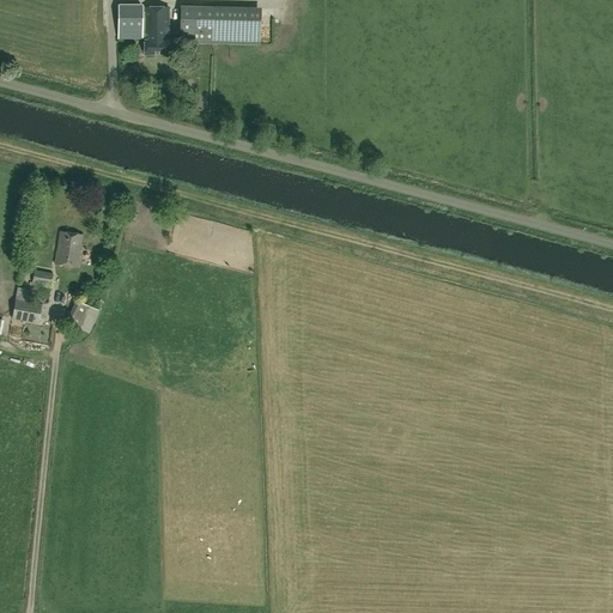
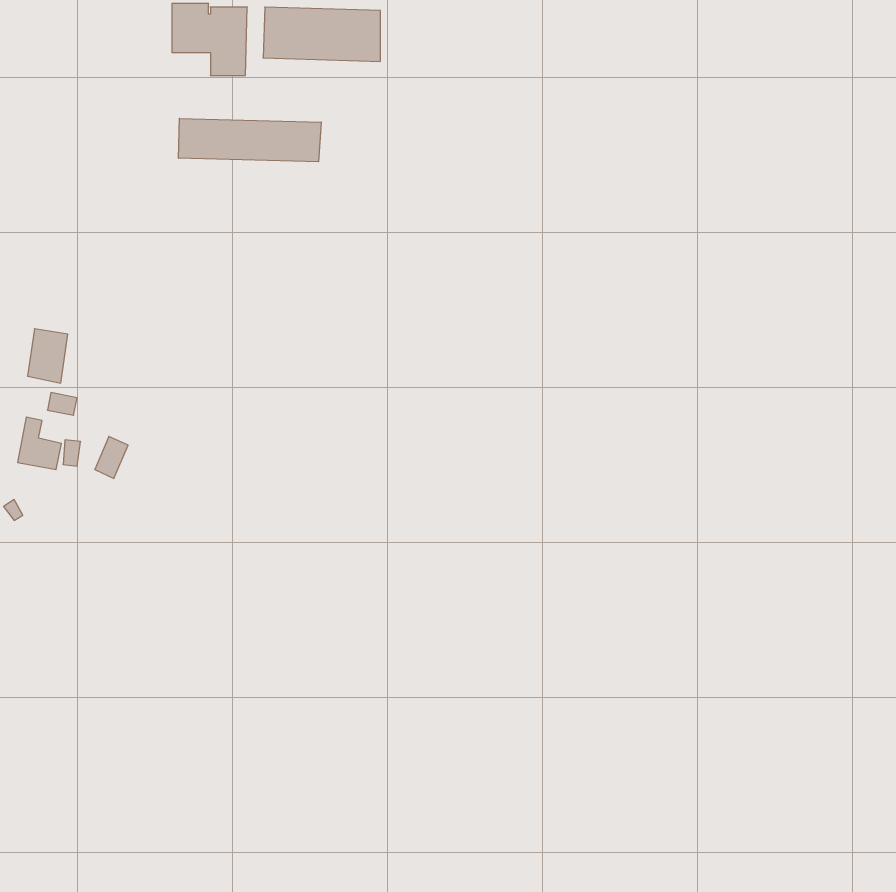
building: none -> [179,118,321,162]
building: [55,229,83,266] -> [27,329,68,383]

